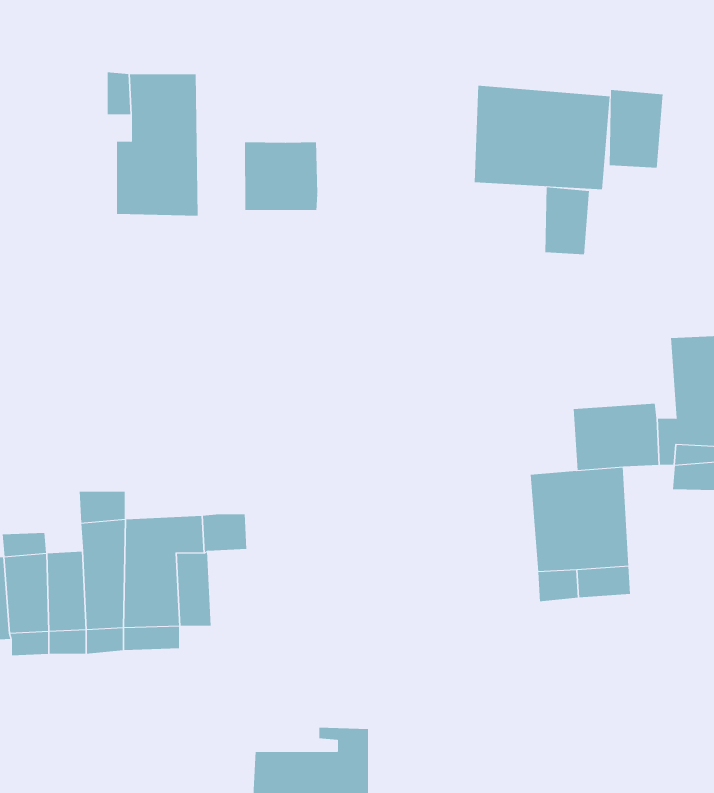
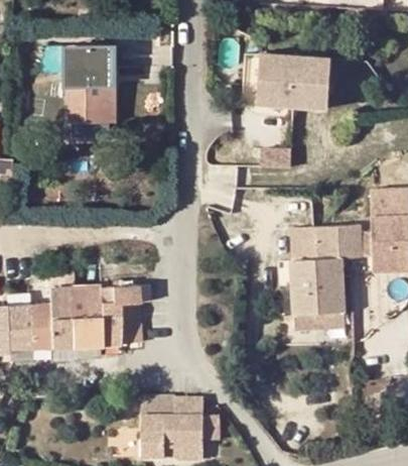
building: [609,89,663,169] -> none
building: [244,142,318,211] -> none
building: [545,187,590,255] -> none
building: none -> [287,227,315,262]
building: none -> [117,303,139,344]

